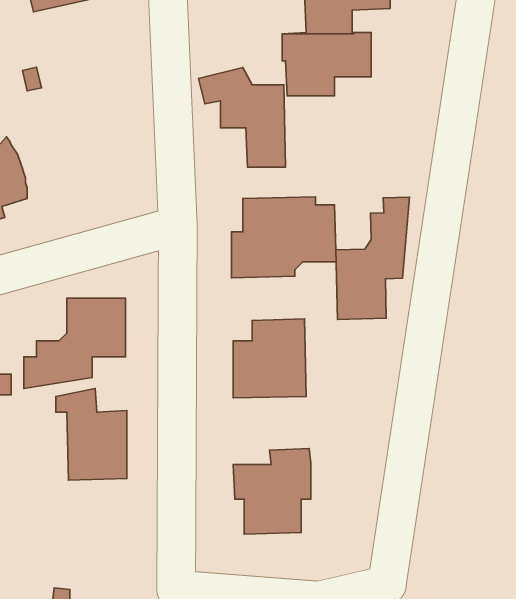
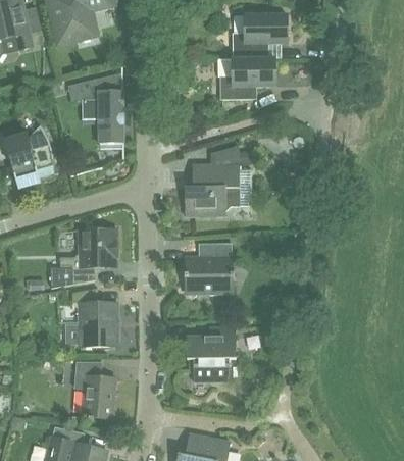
building: [198,68,286,167] -> [67,78,123,142]
building: [336,197,410,319] -> none
building: none -> [75,361,115,417]

